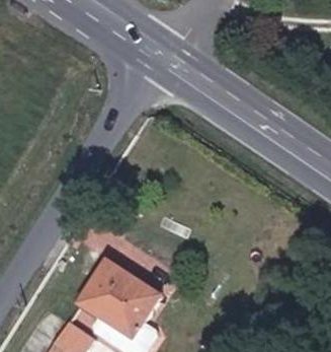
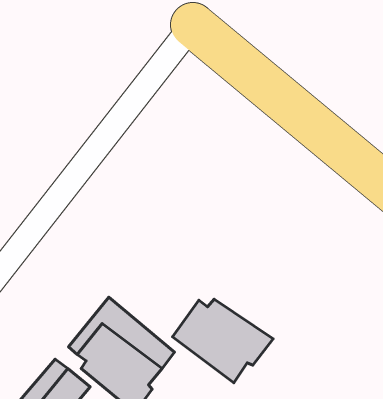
building: none -> [172,299,273,383]

